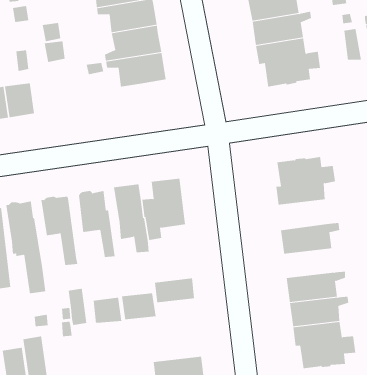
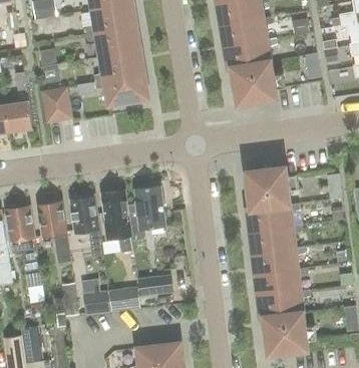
building: none -> [42,87,72,122]
building: none -> [247,204,300,232]
building: none -> [252,247,305,274]

